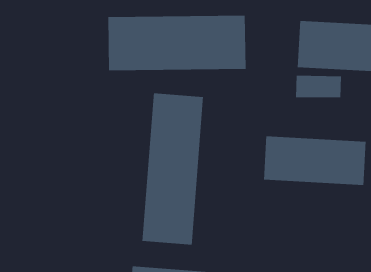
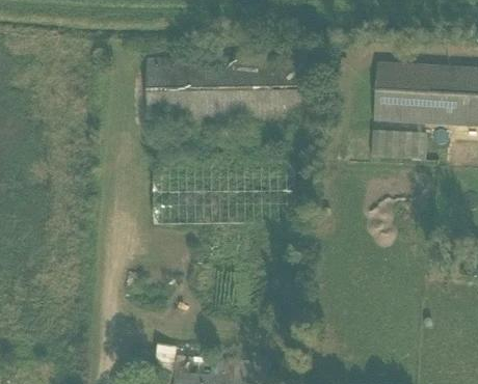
building: [142,92,204,245] -> none
building: [263,135,366,186] -> none

